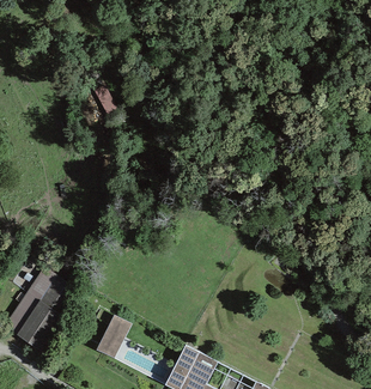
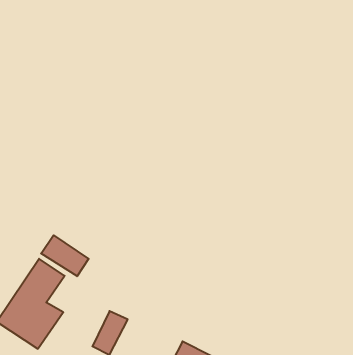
building: none -> [41,235,89,276]

